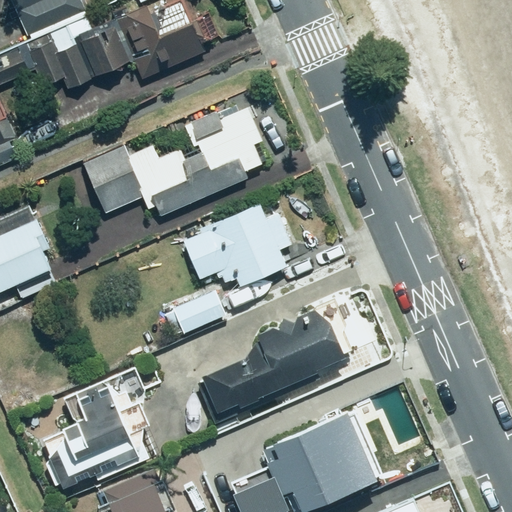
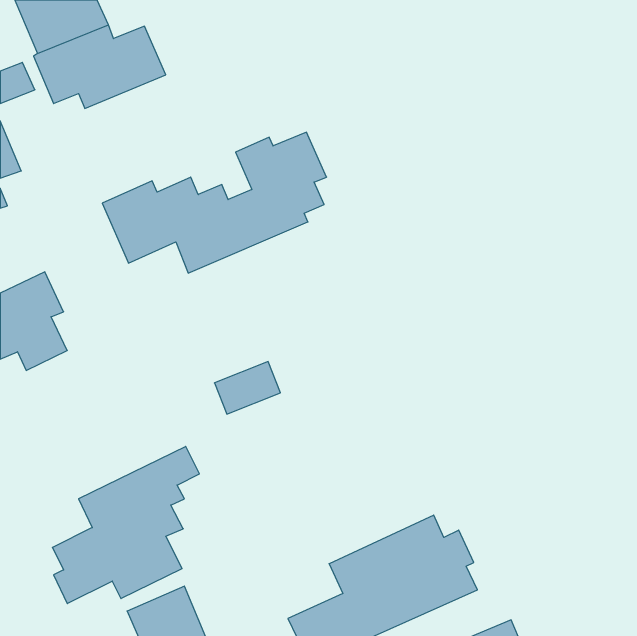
building: [116,7,217,78] -> none
building: [180,204,291,303] -> none
building: [199,310,348,412] -> none

